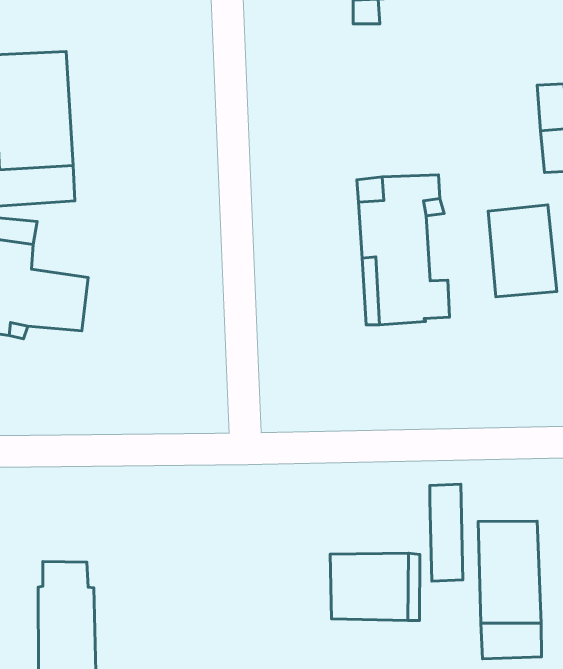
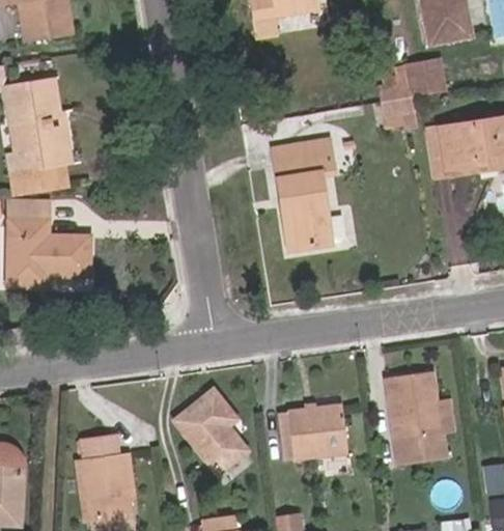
building: [488,205,557,297] -> none
building: [430,484,463,581] -> none
building: none -> [174,392,242,472]

